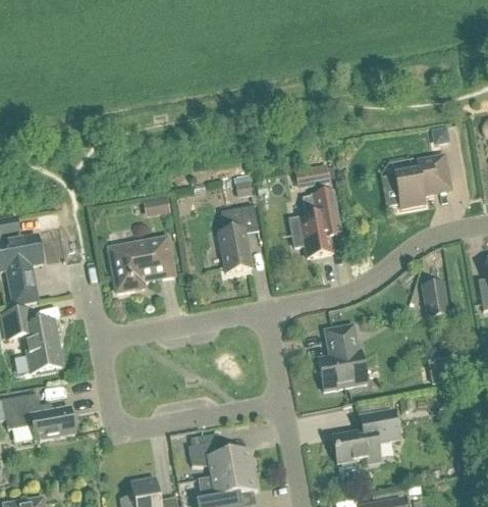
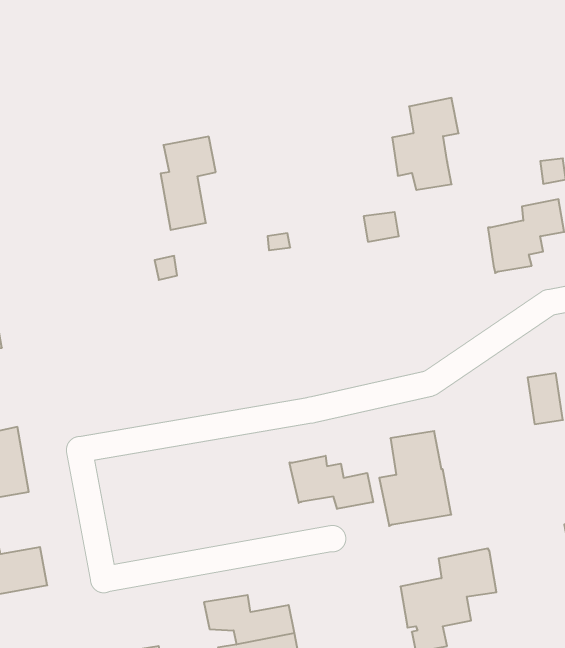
building: [290,190,338,256] -> [392,98,459,190]
building: [219,204,259,271] -> [161,137,216,230]
building: [109,236,175,291] -> none
building: none -> [290,456,373,509]

